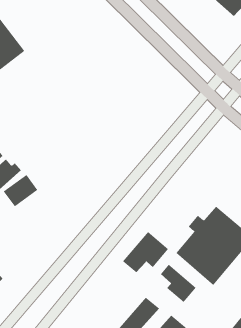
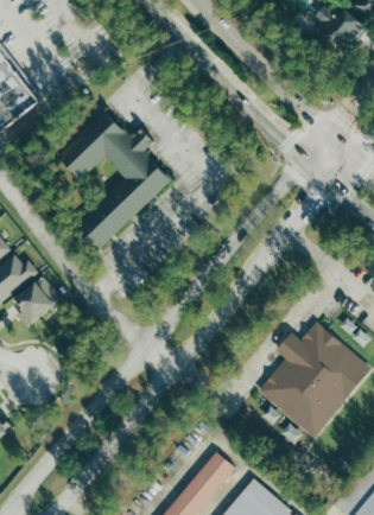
building: none -> [56,108,172,247]
building: [122,231,169,273] -> none
building: [160,264,196,303] -> none

